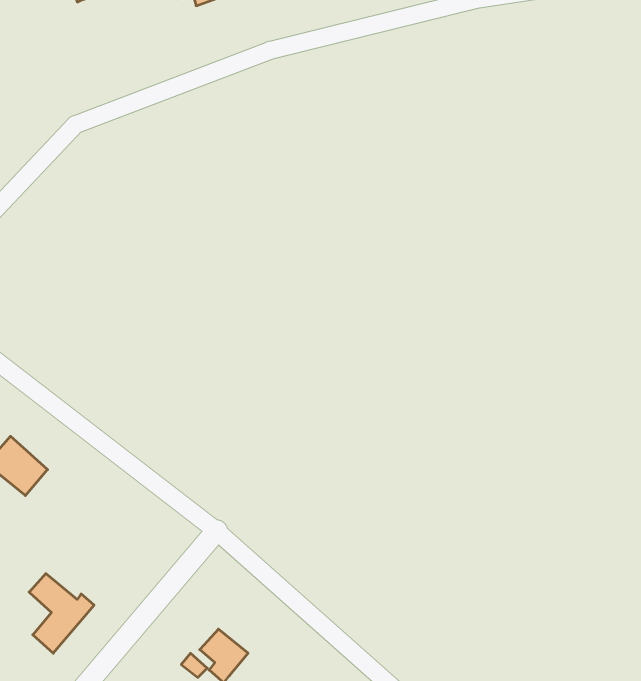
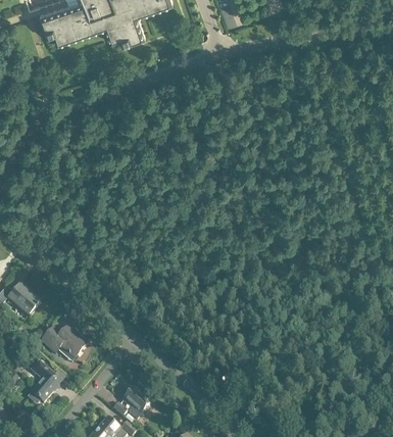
building: none -> [39,324,86,355]

